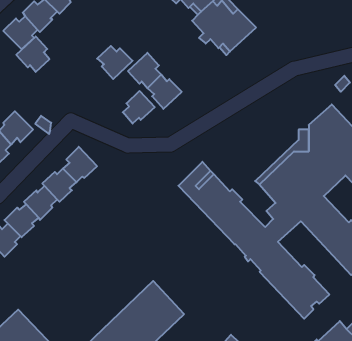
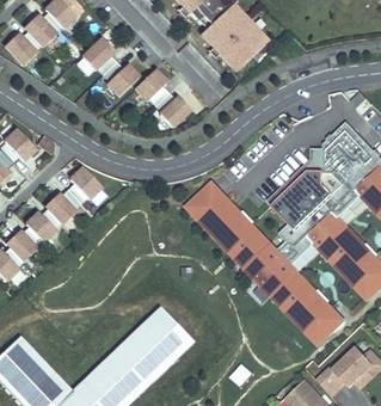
building: [16,36,49,72] -> [82,37,117,74]
building: [123,91,155,124] -> none

